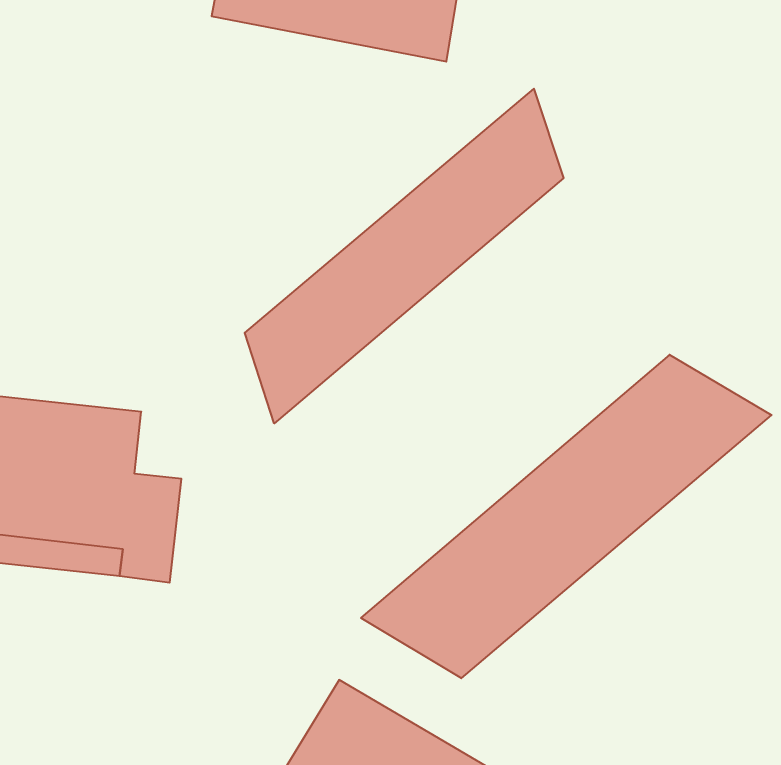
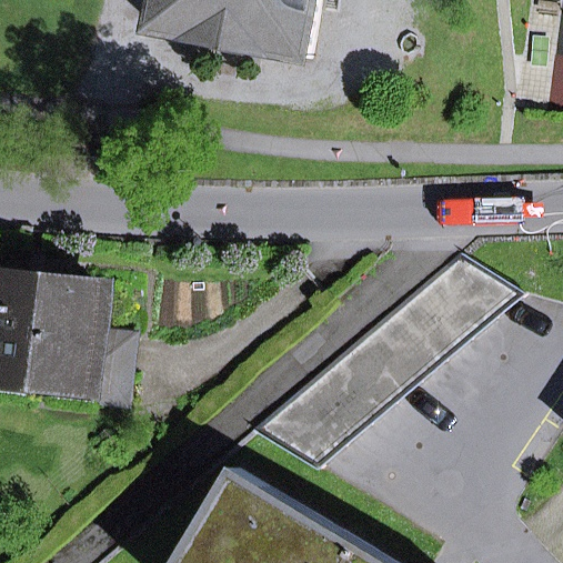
building: [245,89,564,423] -> none

